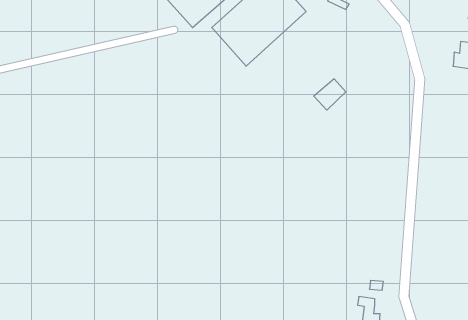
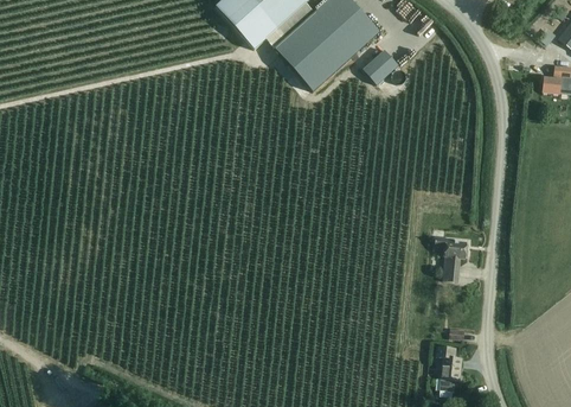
building: [314,79,346,110] -> [363,50,398,84]
building: none -> [435,235,468,282]

